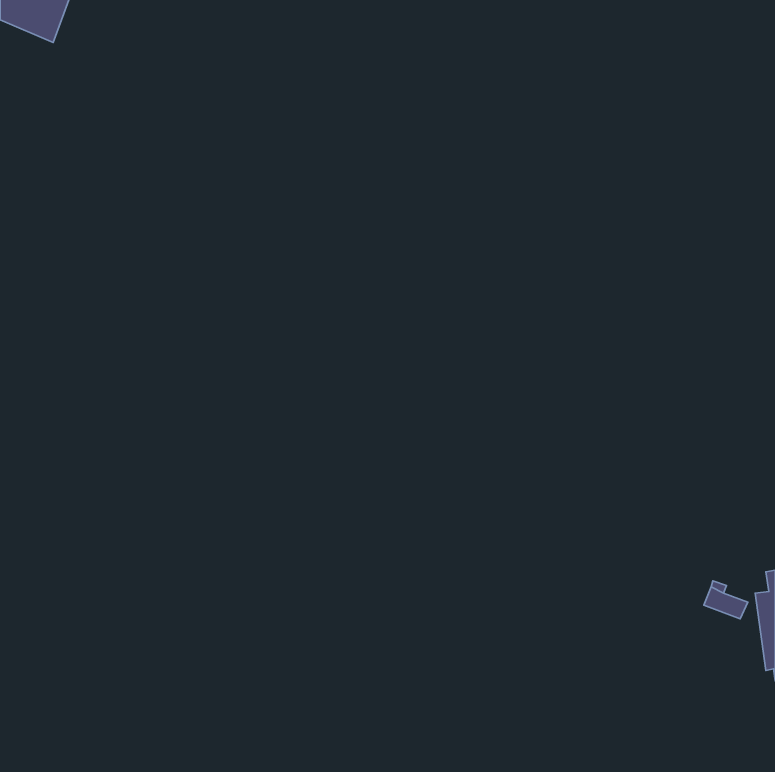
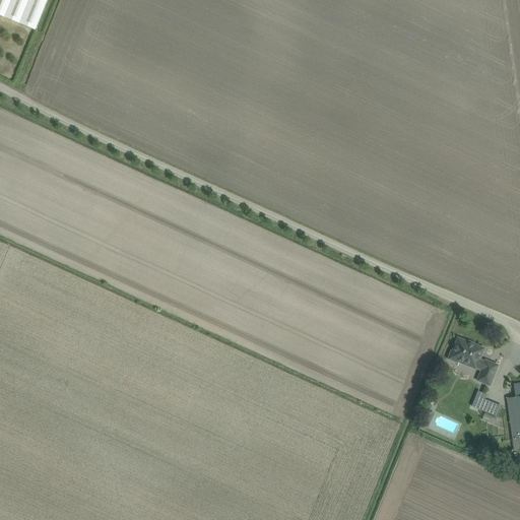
building: none -> [448,336,498,384]

